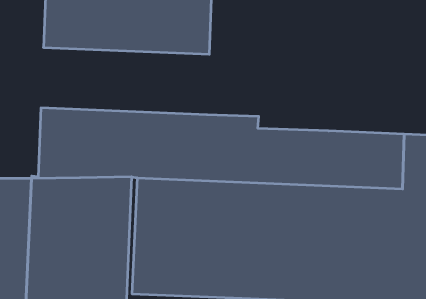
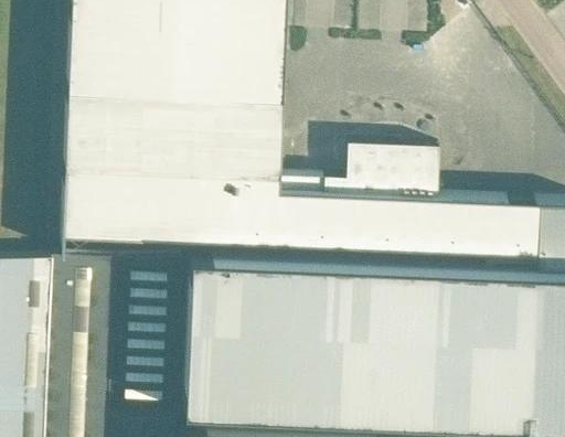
building: none -> [63,86,281,173]
building: none -> [344,140,438,194]

